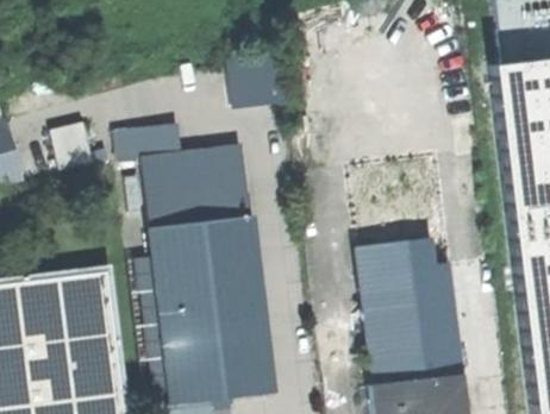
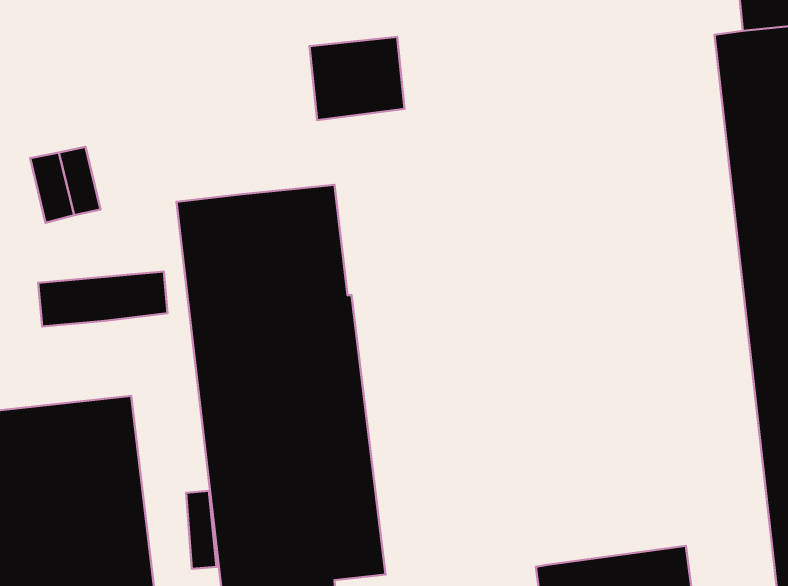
building: [101,126,182,161] -> [38,271,168,327]
building: [357,239,462,384] -> none

